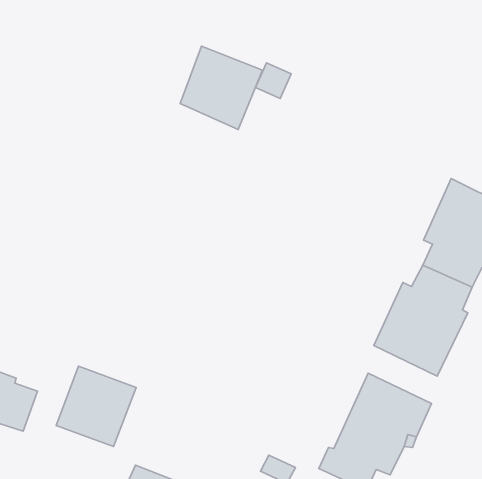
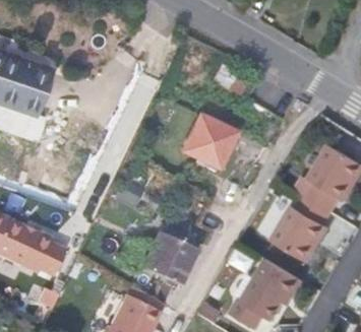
building: [180,46,263,130] -> [184,113,236,165]
building: [56,366,136,447] -> [142,230,193,281]

